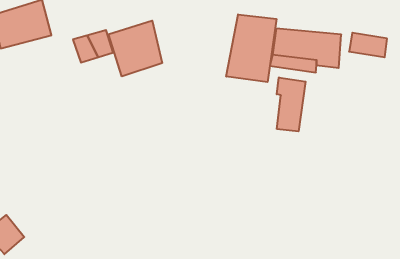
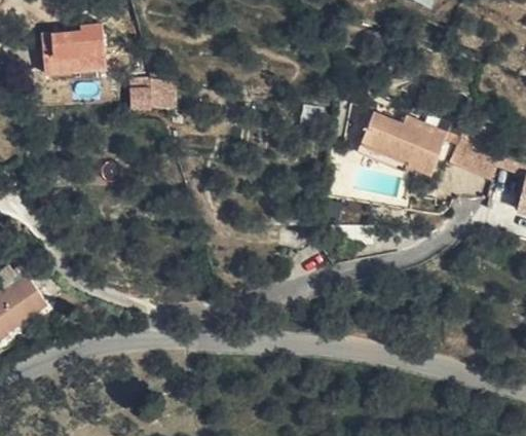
building: [226,14,276,82] -> none
building: [109,21,162,76] -> none
building: [277,77,306,131] -> none

